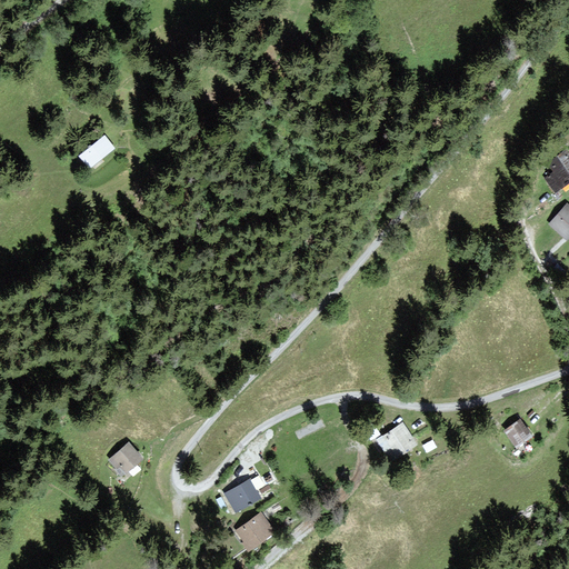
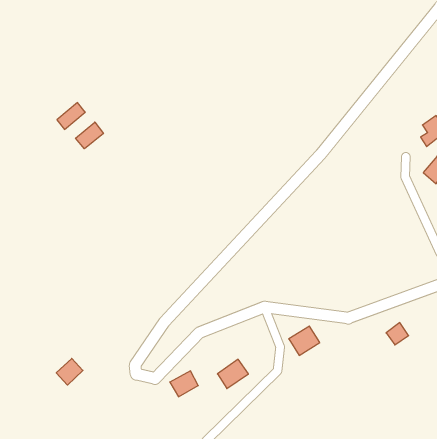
building: none -> [76,122,103,149]
building: [108,441,142,476] -> [56,358,83,385]
building: [236,510,276,548] -> [217,359,248,389]

